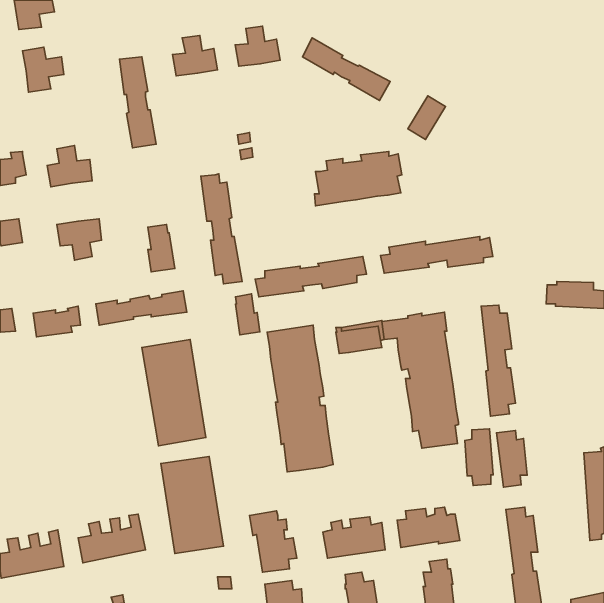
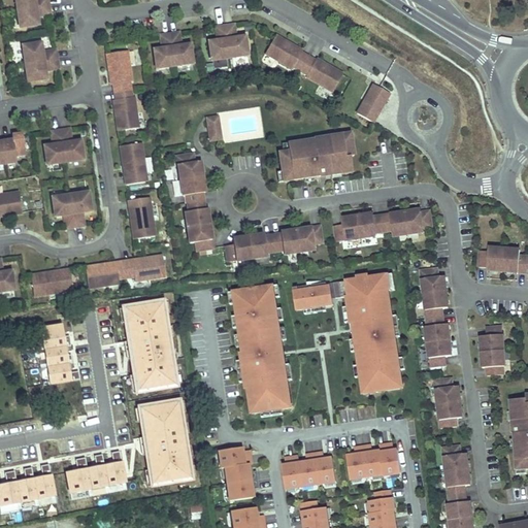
building: none -> [118,142,143,183]
building: [235,294,260,335] -> none
building: none -> [40,325,80,384]
building: [465,429,493,485] -> [478,324,503,373]

